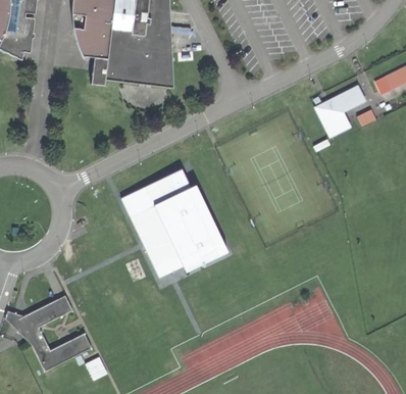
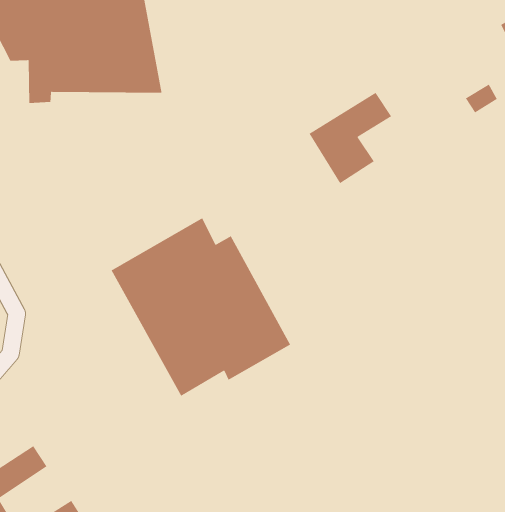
building: [316,83,369,137] -> [309,92,392,184]

